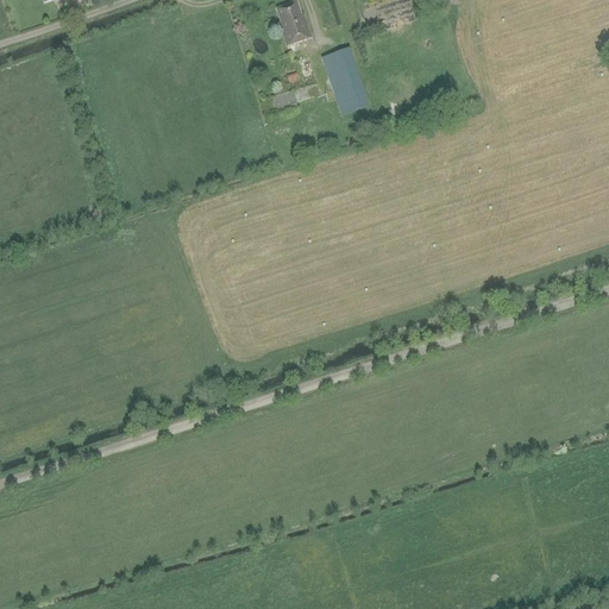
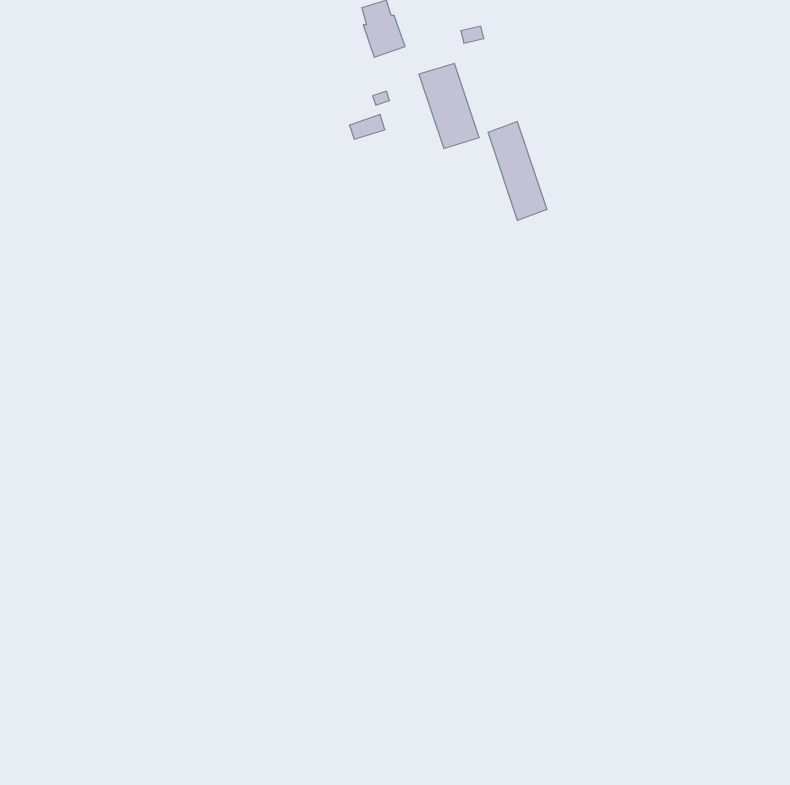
building: none -> [488,121,547,221]

